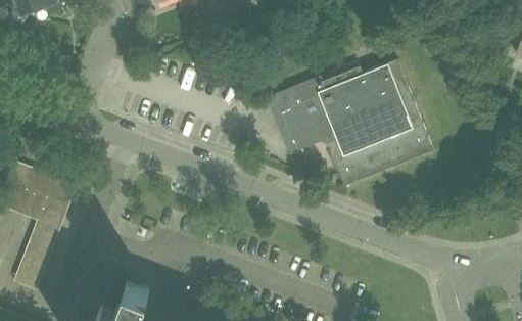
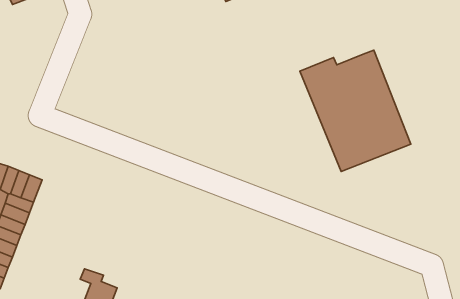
building: [266,78,365,187] -> none

